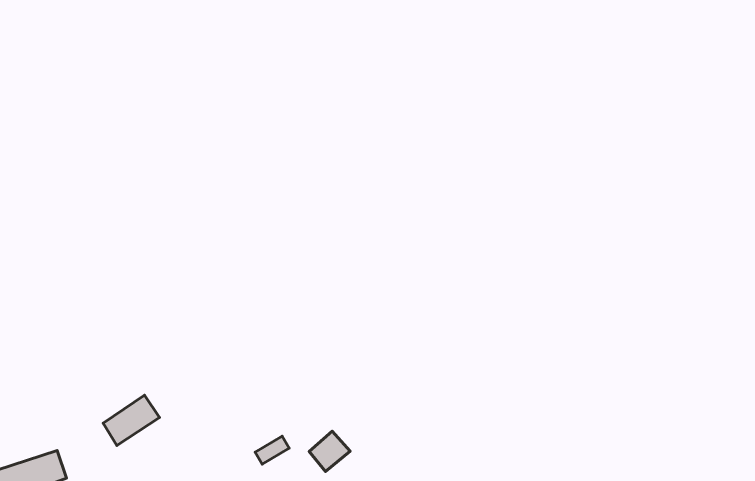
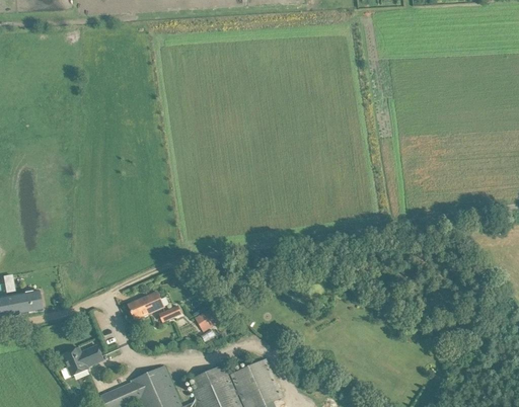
building: [103,395,160,446] -> [128,293,163,321]

